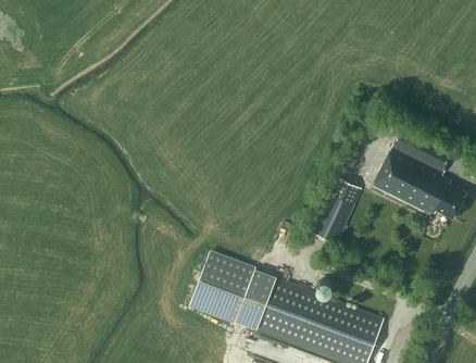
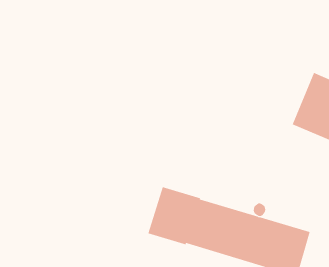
building: [311,177,361,243] -> none

